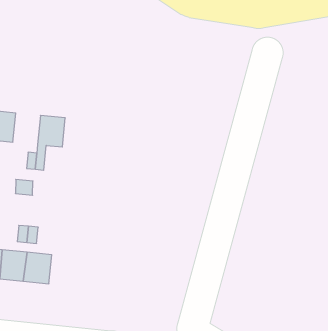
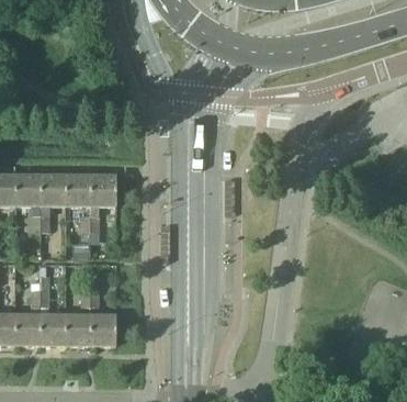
building: none -> [66,176,91,205]

